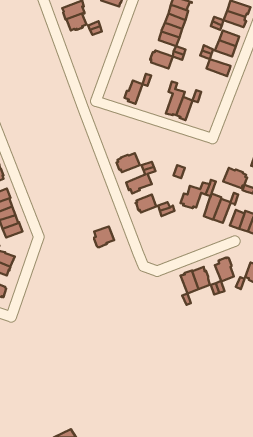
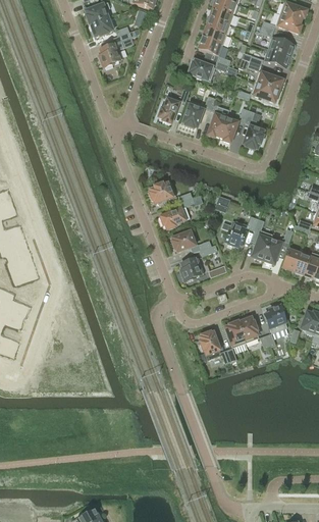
building: none -> [99,43,123,67]
building: none -> [236,82,279,102]
building: none -> [182,95,214,128]
building: none -> [243,109,265,150]
building: [223,168,247,188] -> none
building: [94,226,114,247] -> [180,257,204,281]
building: none -> [199,331,231,363]

